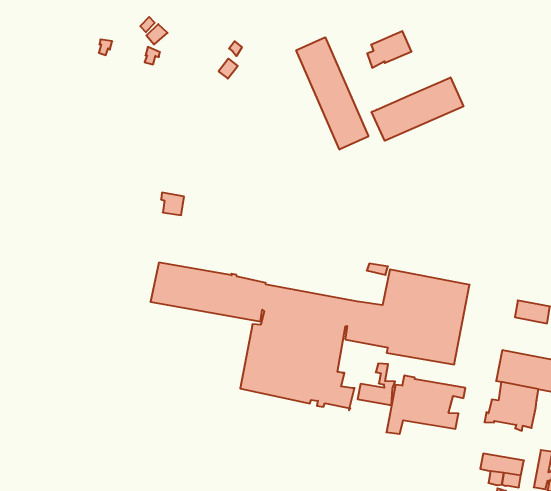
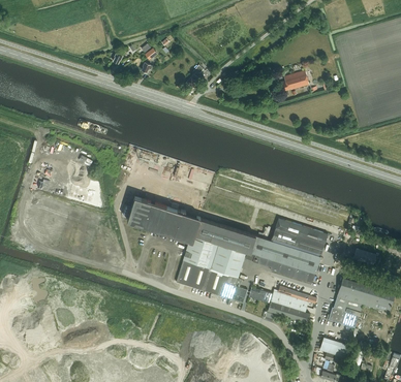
building: [296,37,368,150] -> none
building: [372,77,463,141] -> none

